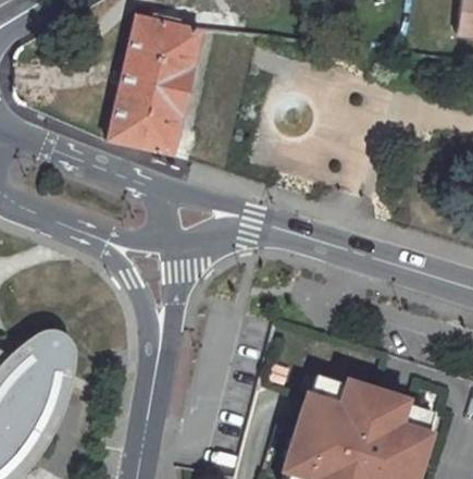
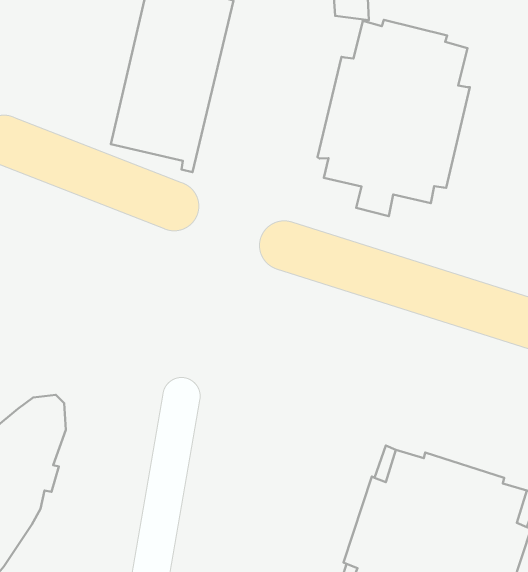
building: none -> [318,20,470,216]

